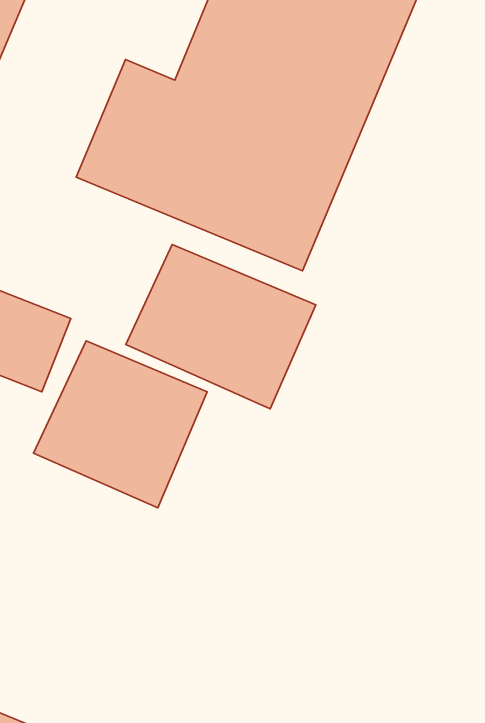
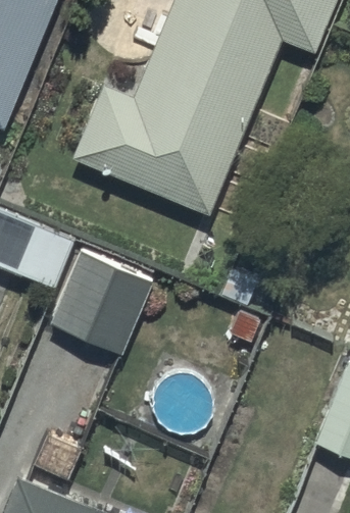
building: [126,245,316,409] -> none

